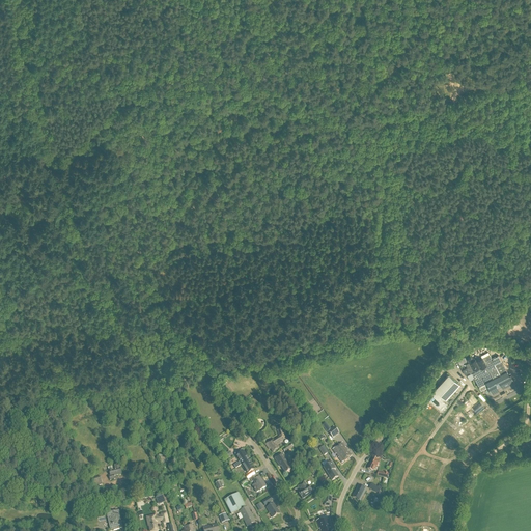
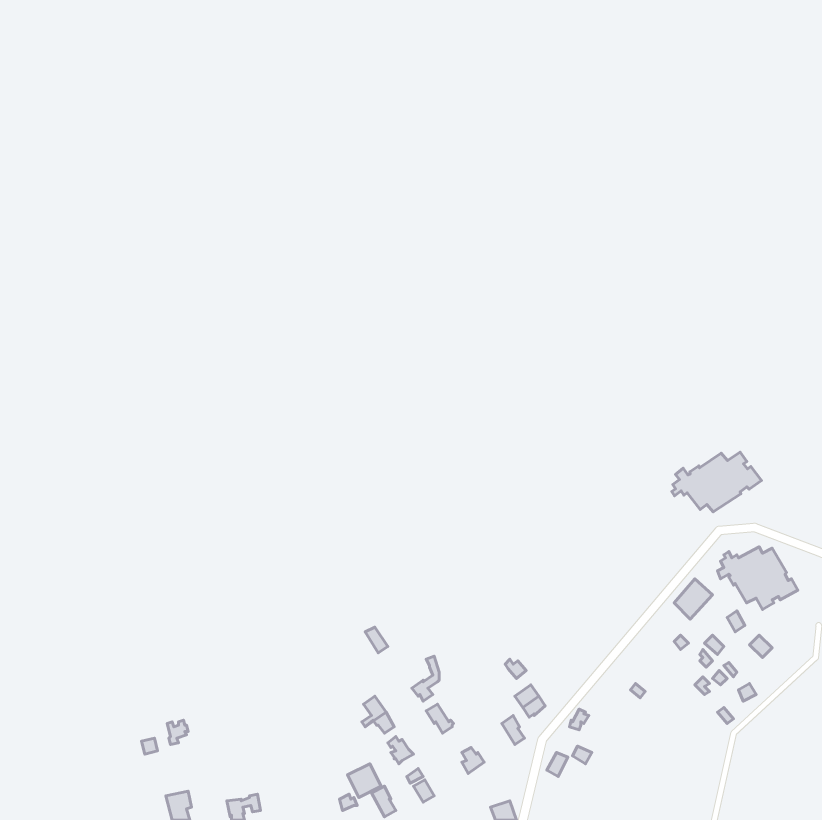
building: none -> [672,452,762,512]

